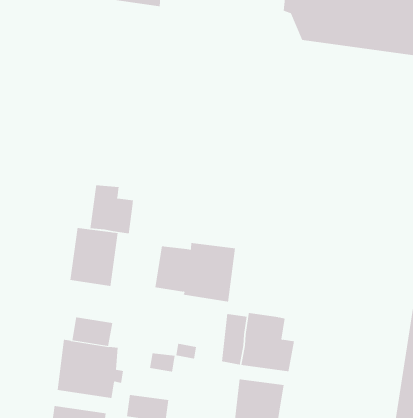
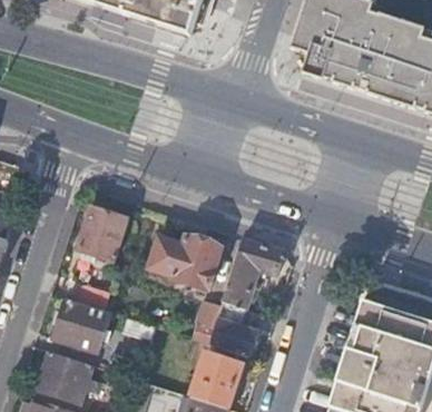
building: [90,185,133,234] -> none
building: none -> [222,236,284,307]

